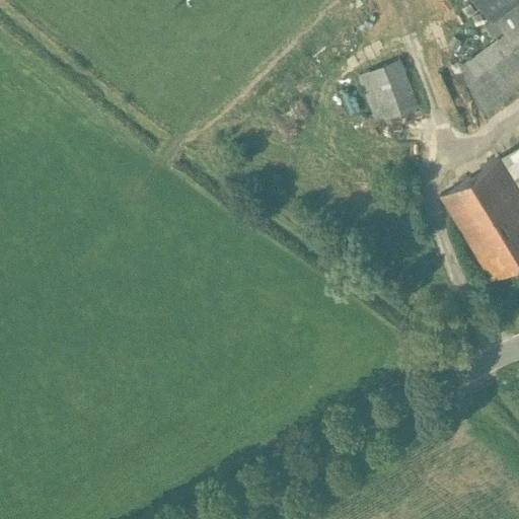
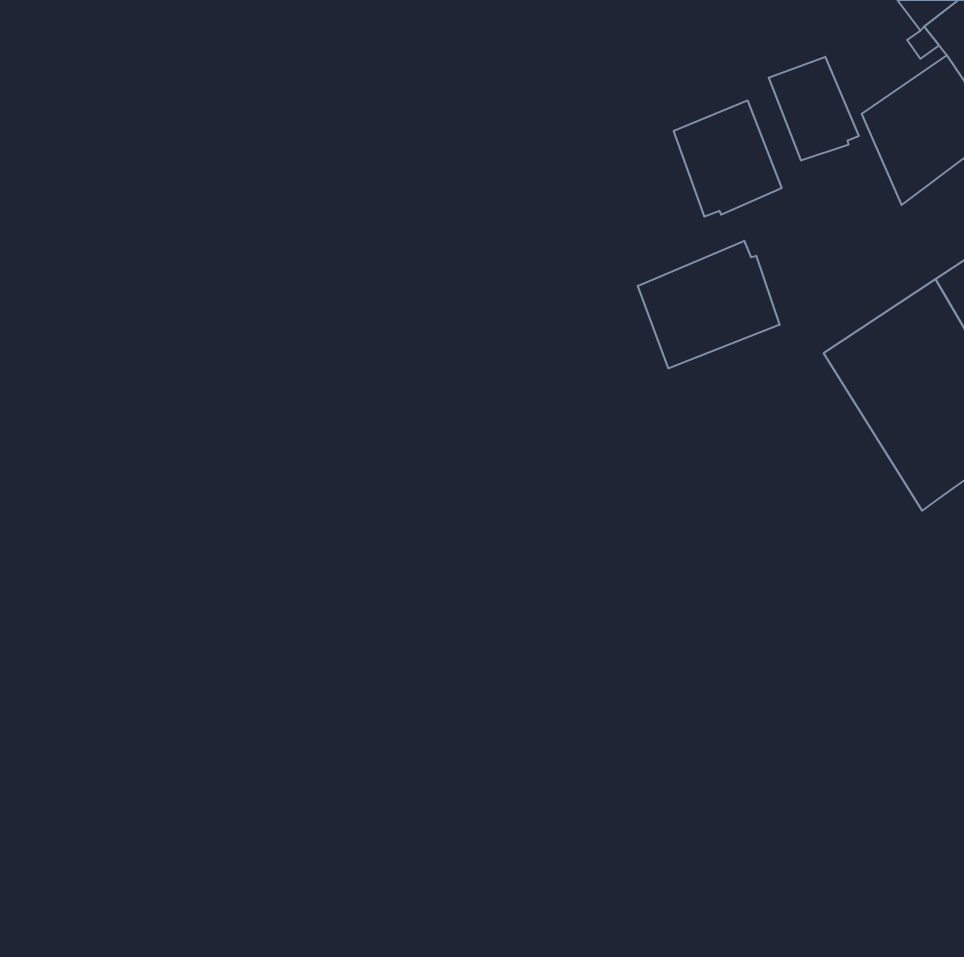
building: none -> [769,57,859,161]
building: none -> [638,241,780,368]

